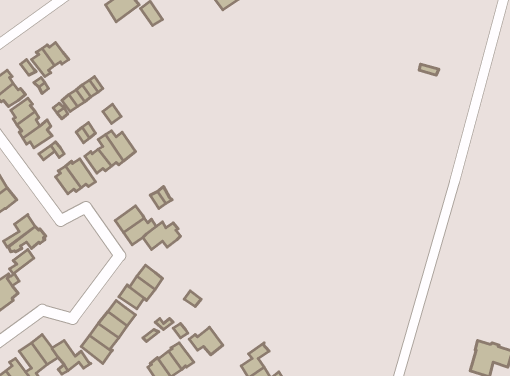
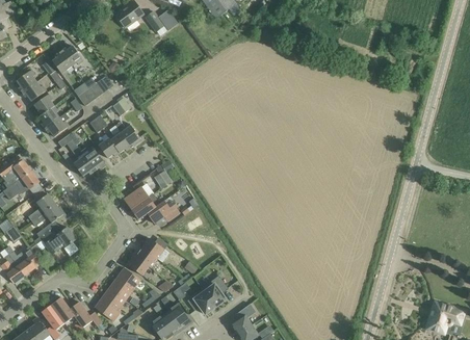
building: none -> [45,227,77,254]
building: none -> [202,276,229,306]

